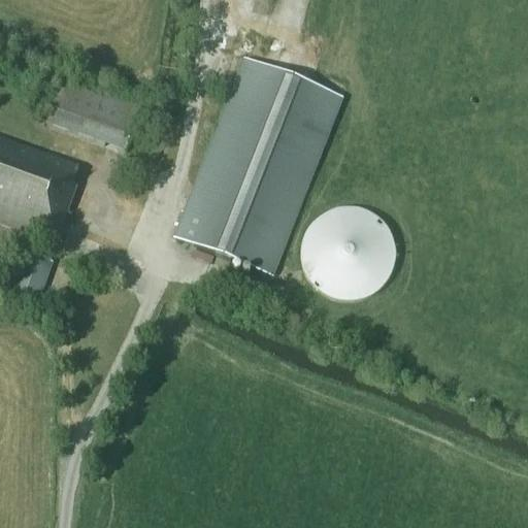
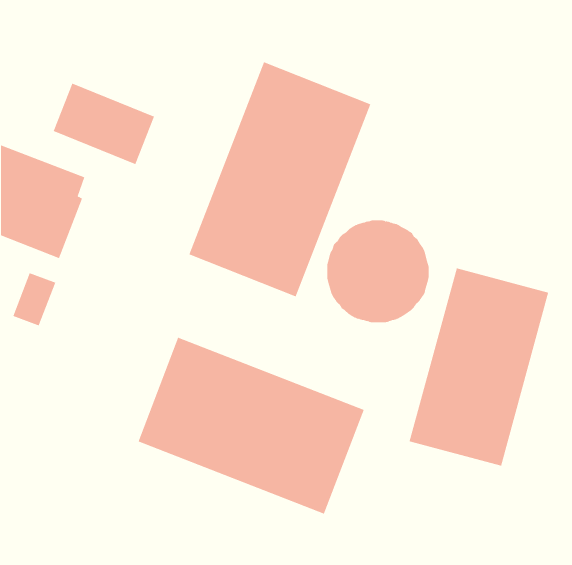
building: none -> [409,268,549,466]
building: none -> [138,337,364,514]

